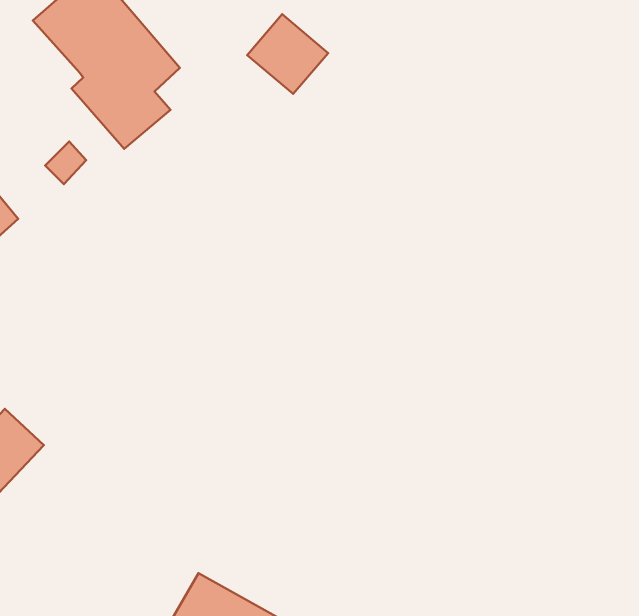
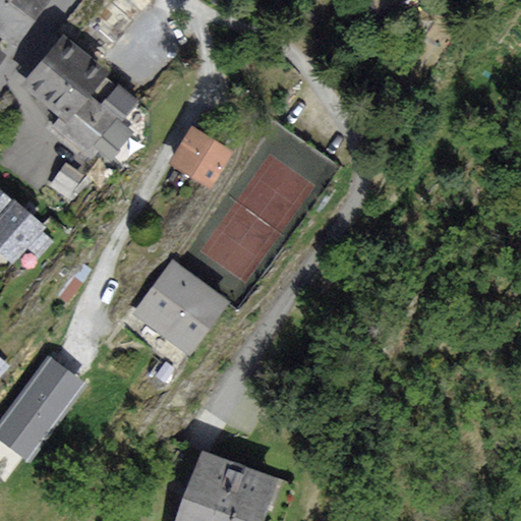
building: [247,14,328,94] -> [171,128,228,183]
building: none -> [137,265,224,349]

